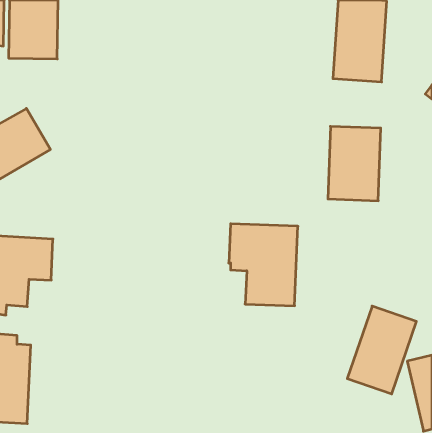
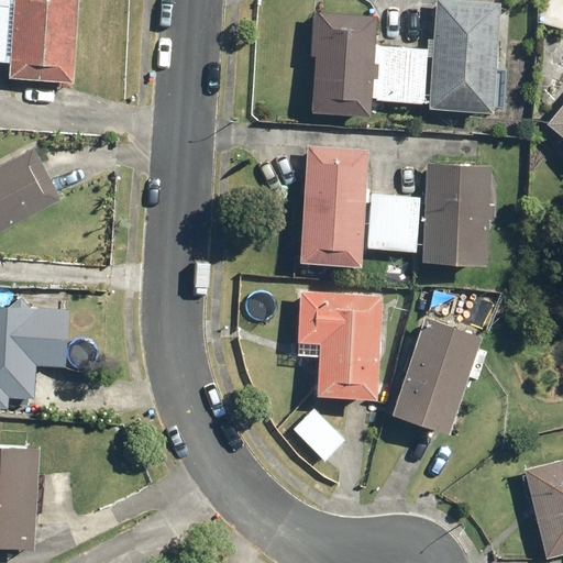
building: none -> [309,13,427,118]
building: none -> [301,147,418,265]
building: [347,306,416,394] -> [394,317,483,430]

